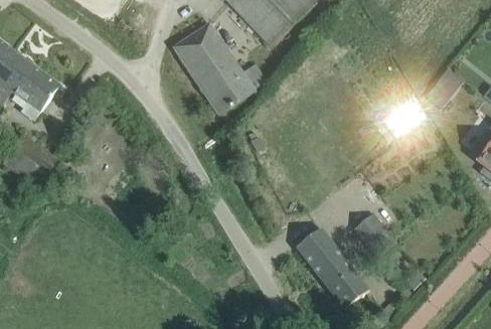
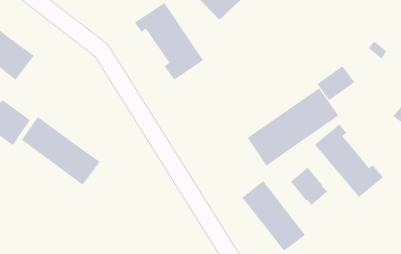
building: none -> [247,88,339,166]
building: none -> [21,116,100,185]
building: none -> [314,124,384,198]

